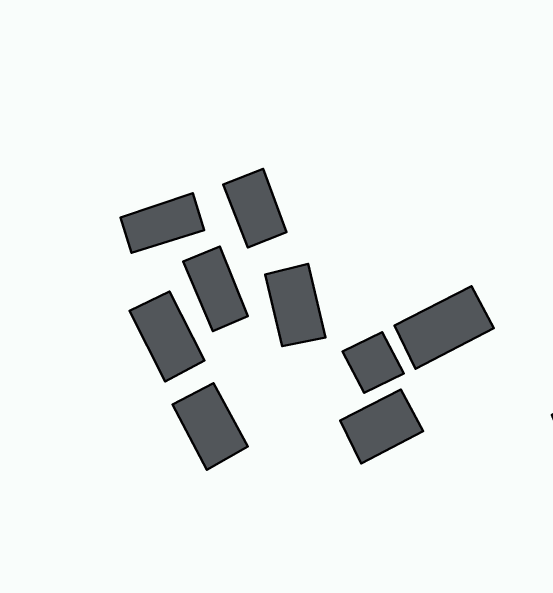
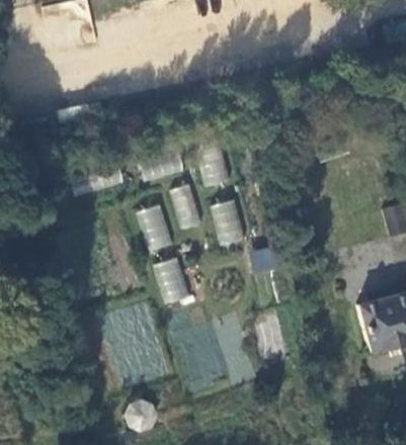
building: [395,286,494,369] -> none
building: [340,390,423,463] -> none

